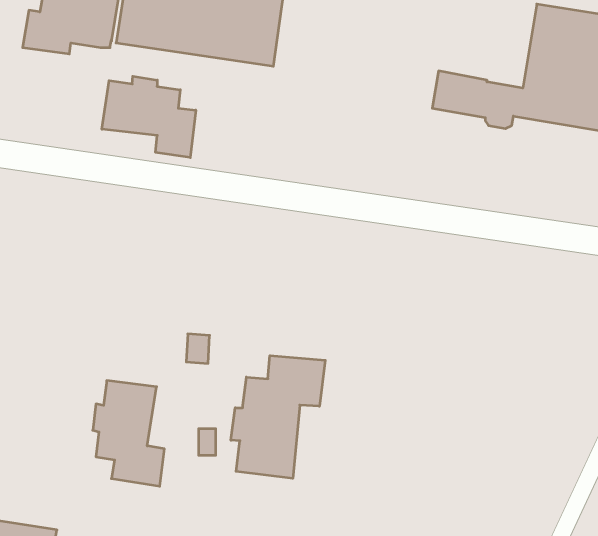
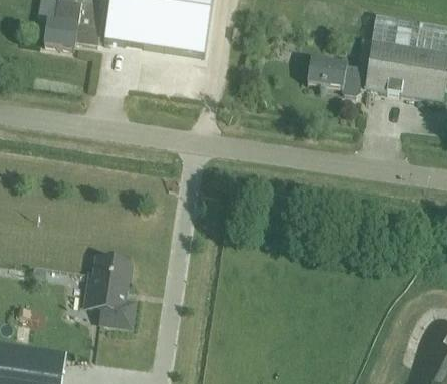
building: [102,76,196,158] -> none
building: [231,356,325,478] -> none

